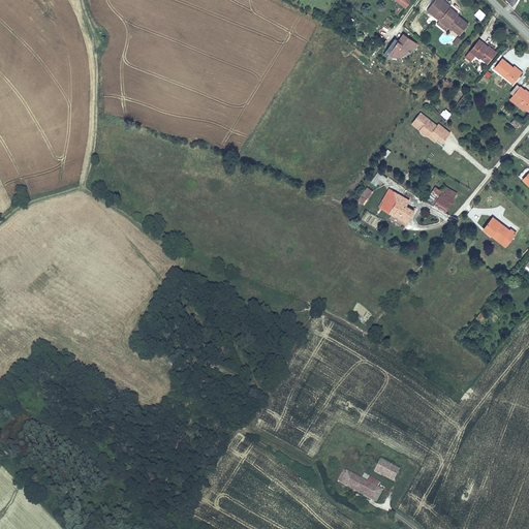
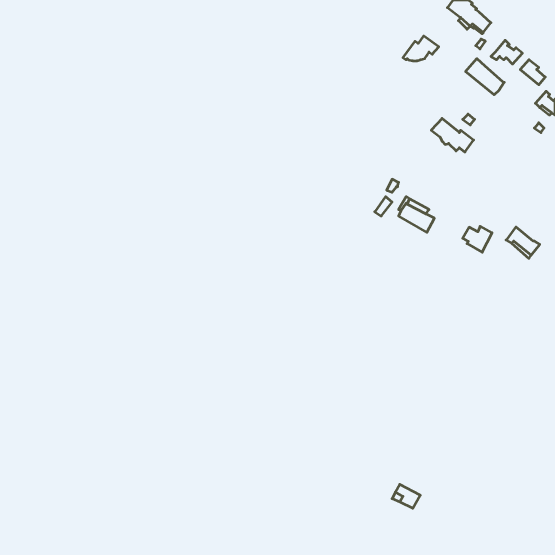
building: none -> [466,59,504,95]
building: [427,185,455,210] -> [463,226,492,252]
building: [336,471,383,504] -> none

